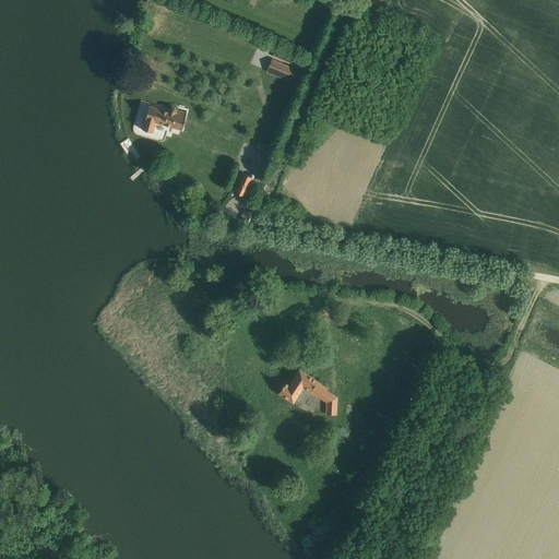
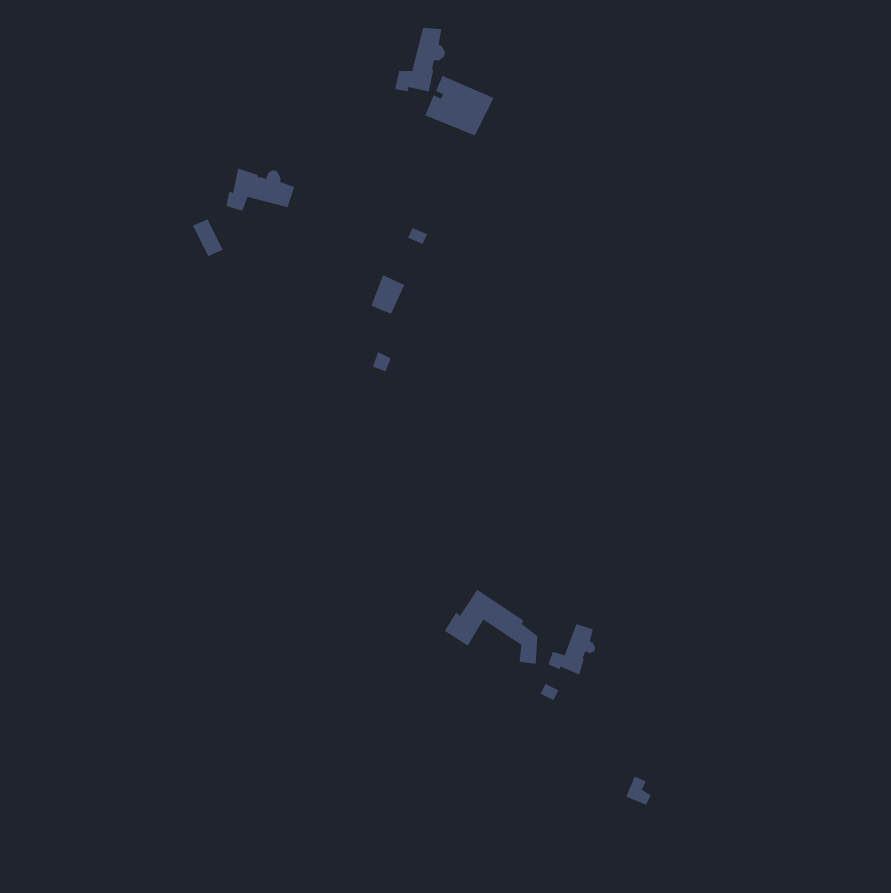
building: none -> [395,27,445,92]
building: none -> [548,623,596,675]

